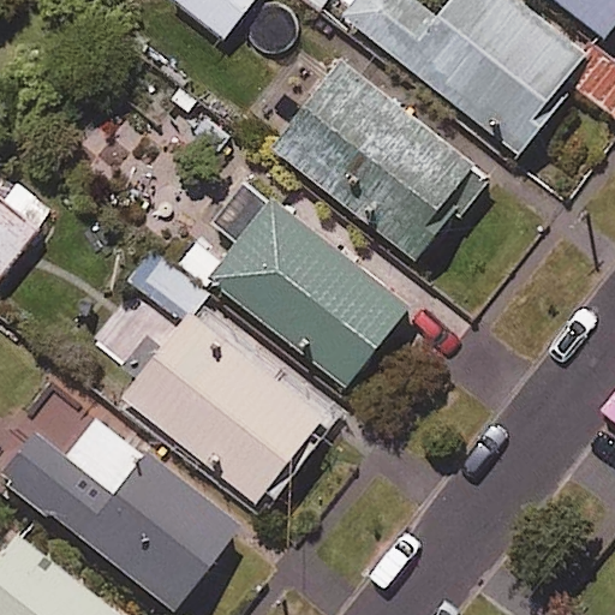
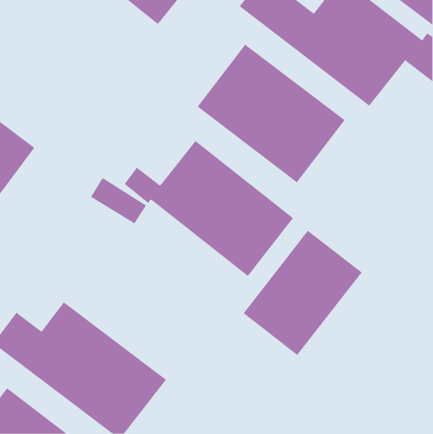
building: [97,309,324,501] -> none
building: none -> [243,230,362,356]

